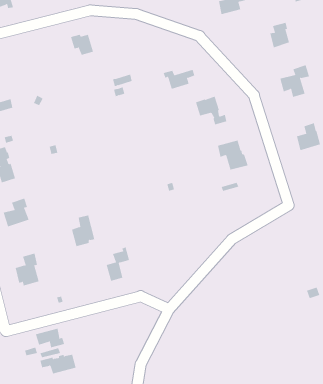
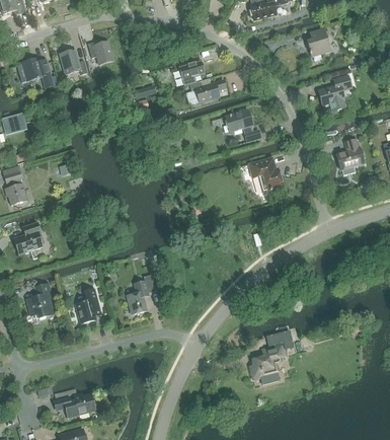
building: none -> [60,49,87,74]
building: none -> [16,57,51,81]
building: none -> [178,60,205,84]
building: [71,215,95,247] -> [75,287,101,322]
building: none -> [250,329,293,383]
building: [35,328,65,348] -> none

